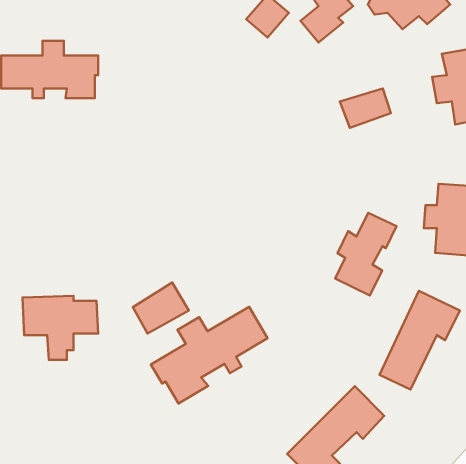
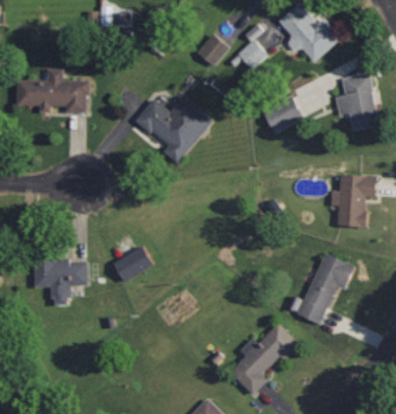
building: none -> [136,94,215,164]
building: [335,213,396,295] -> none
building: [151,307,268,404] -> none

